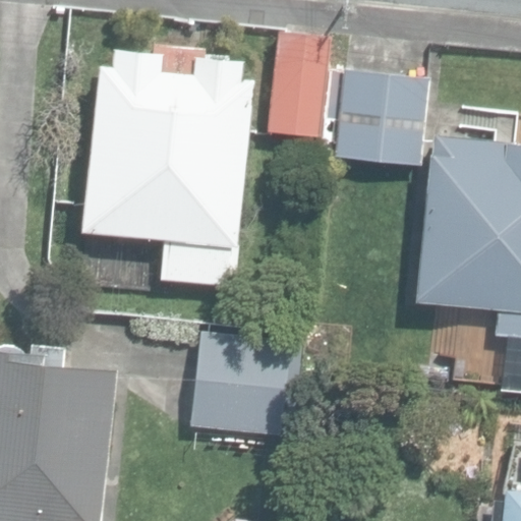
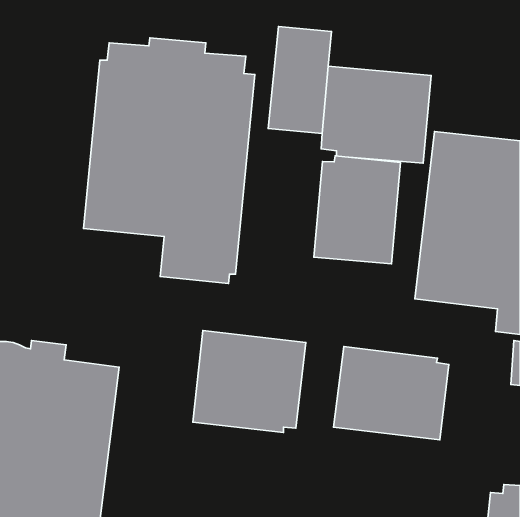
building: none -> [314,156,400,264]
building: none -> [334,346,449,440]

